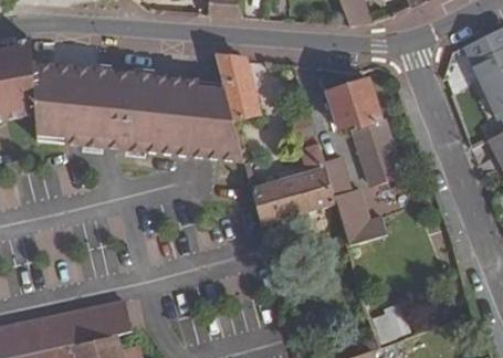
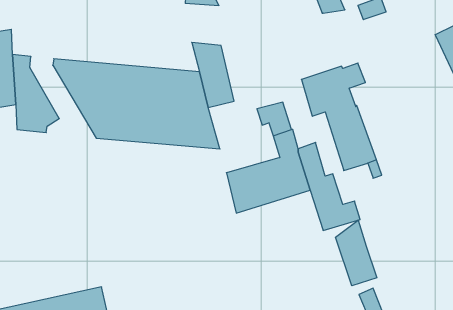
building: [50,67,117,150] -> none
building: none -> [335,220,377,286]

